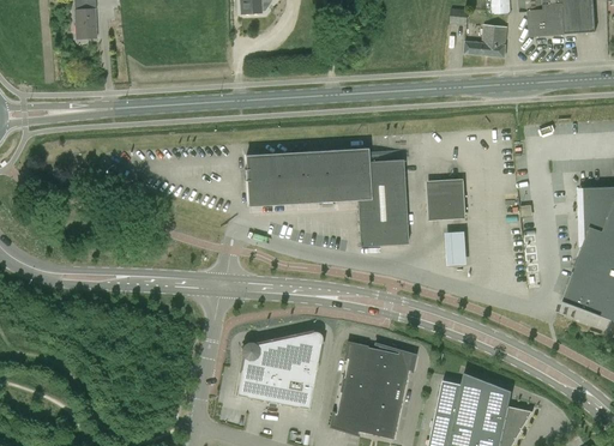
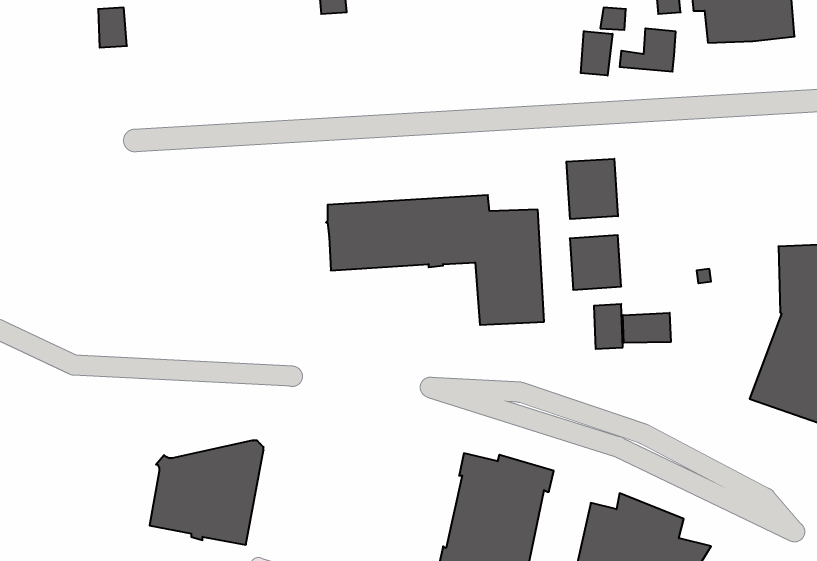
building: none -> [581,31,612,76]
building: none -> [566,159,618,219]
building: none -> [623,313,671,343]
building: [236,331,321,409] -> [150,441,264,545]

